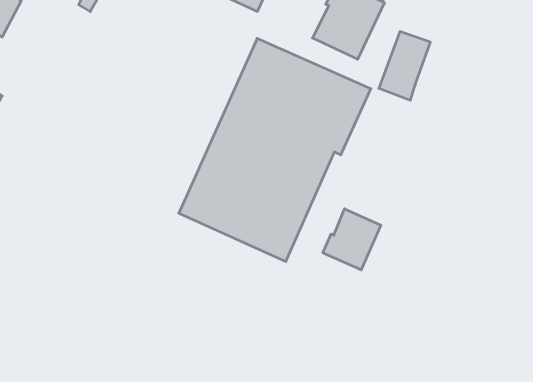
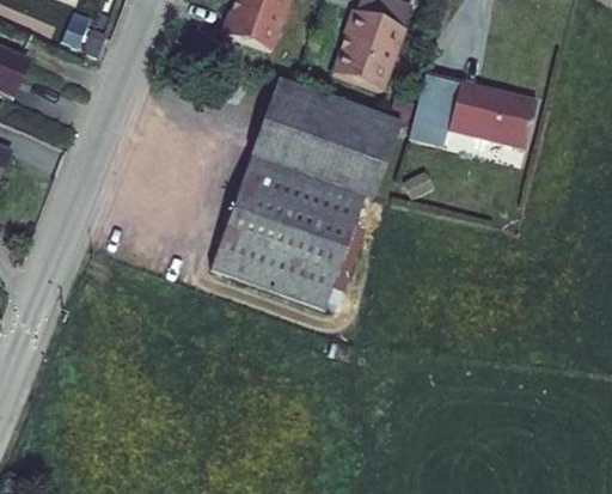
building: none -> [448,66,537,132]
building: [323,209,381,270] -> none

